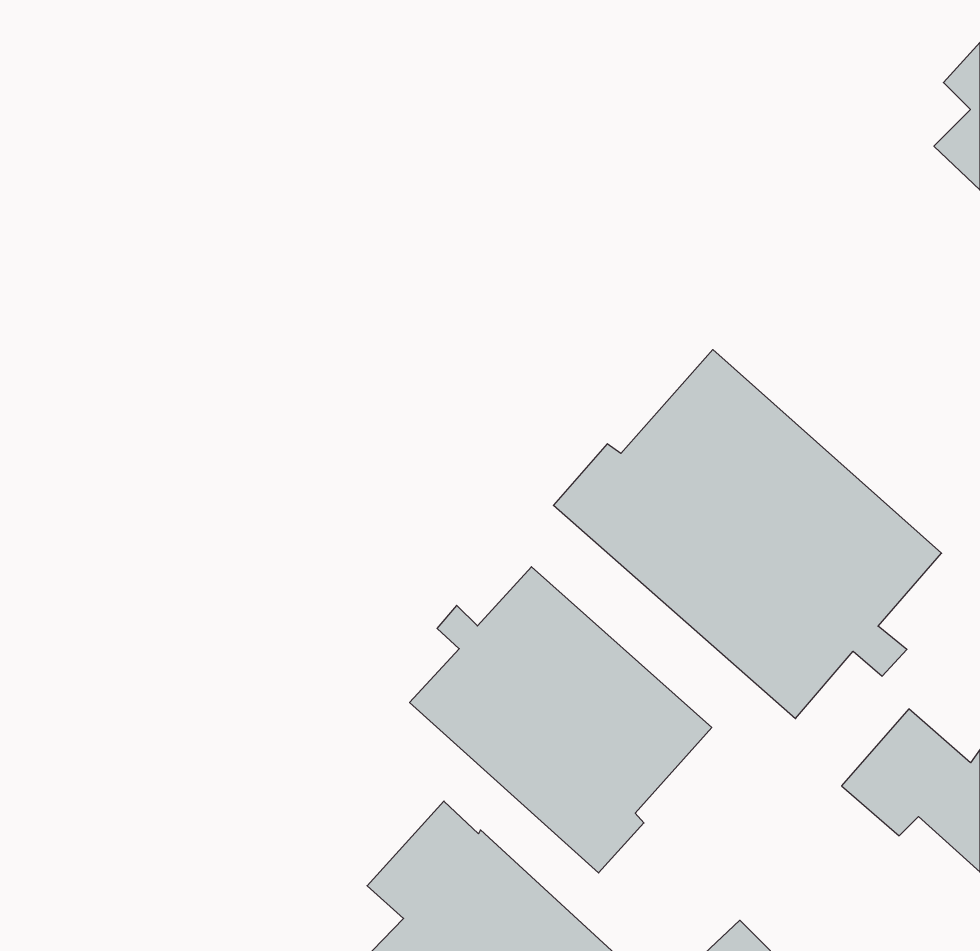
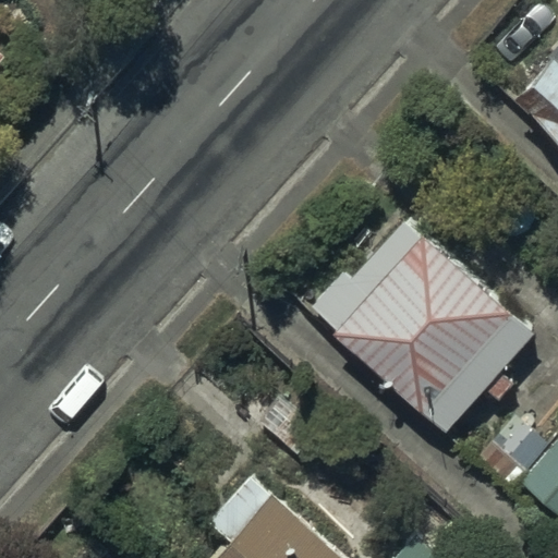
building: [410,567,712,873] -> none

